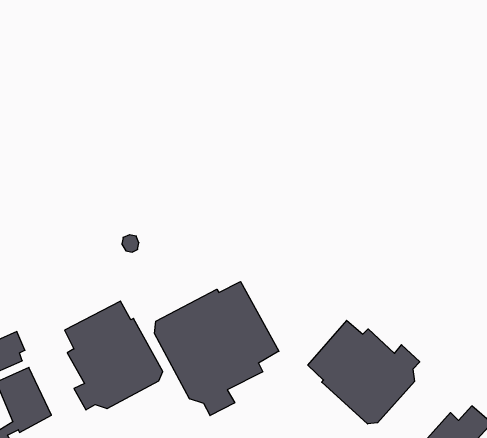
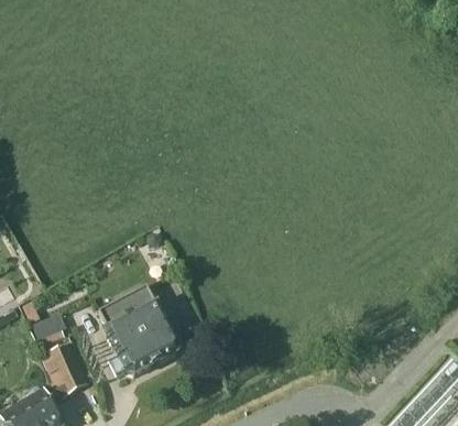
building: [154,282,279,416] -> none
building: [308,320,420,424] -> none

